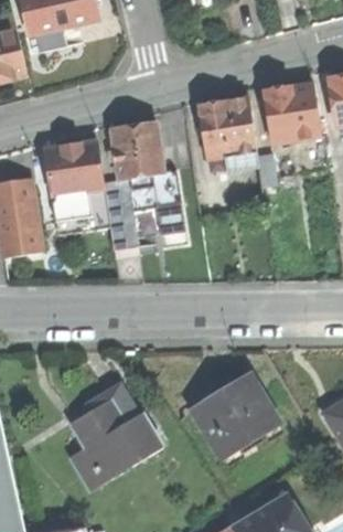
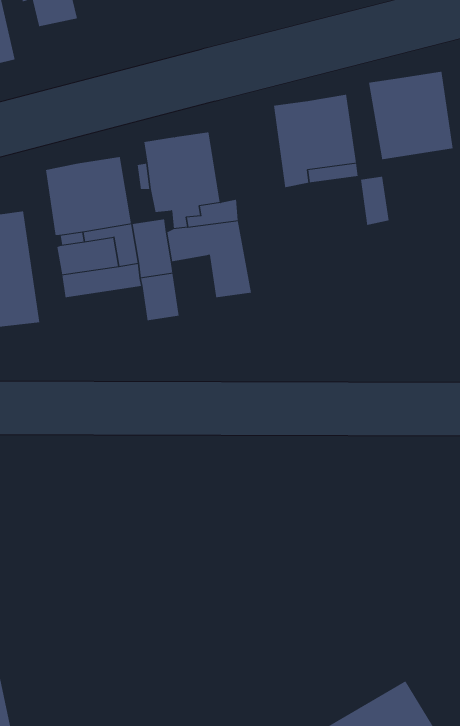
building: [191,373,282,458] -> none
building: [71,382,163,489] -> none

